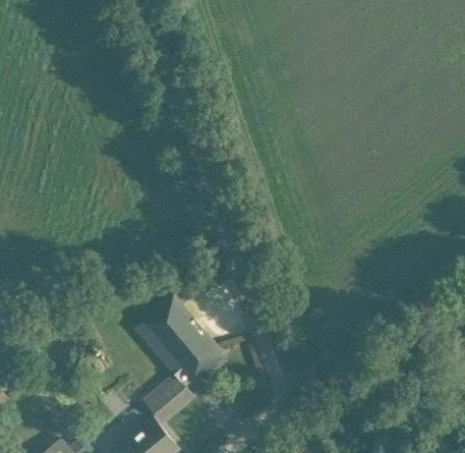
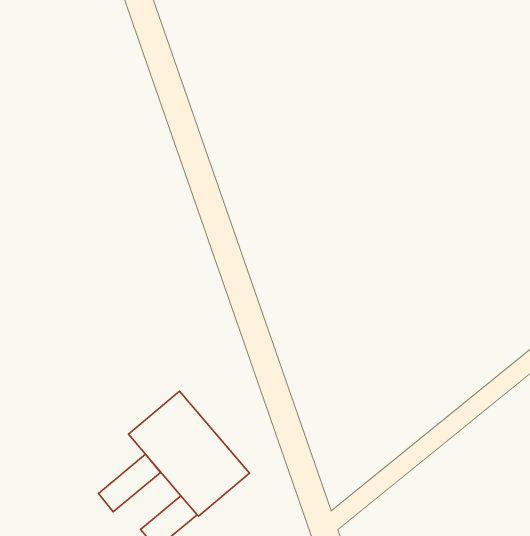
building: none -> [98,454,160,512]

